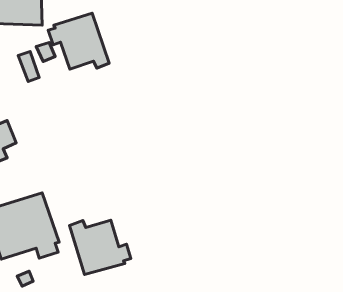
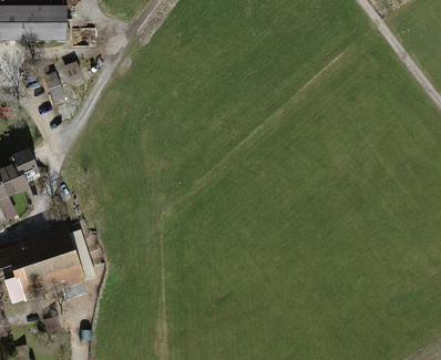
building: [48,13,109,69] -> none
building: [70,220,131,274] -> none

